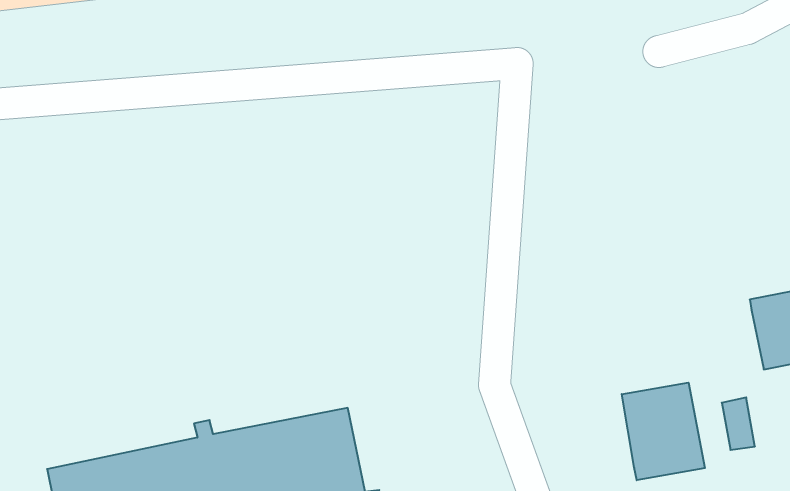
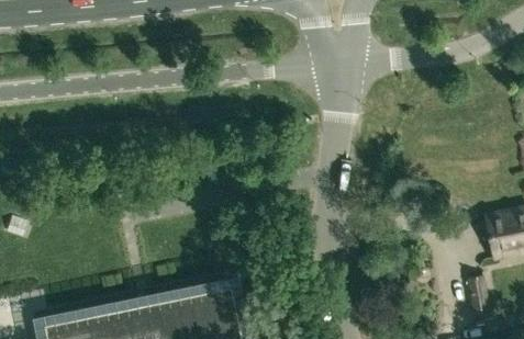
building: [622,383,705,480] -> none

